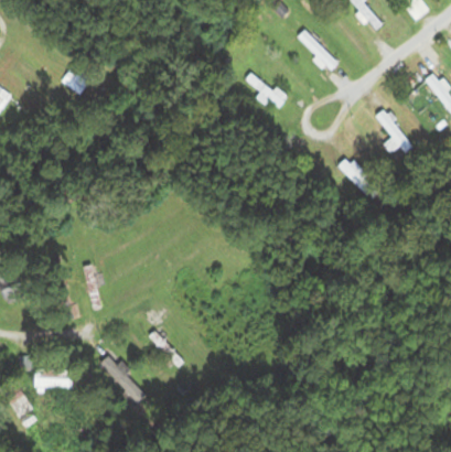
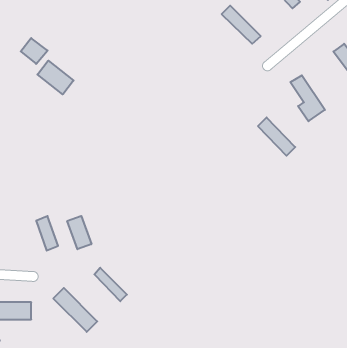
building: [240,68,284,111] -> none
building: none -> [37,61,74,94]
building: none -> [67,216,91,249]

